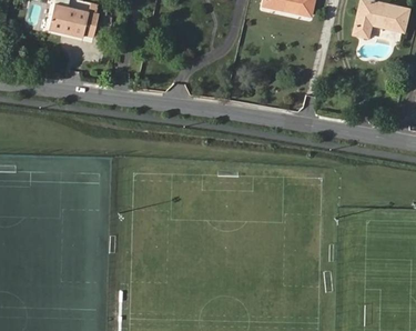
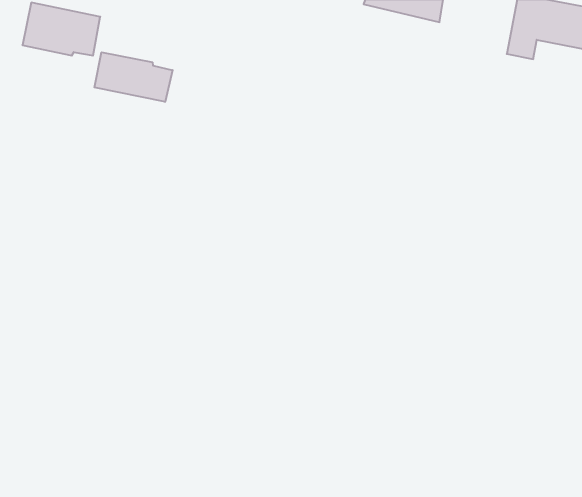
building: none -> [94,52,173,102]

